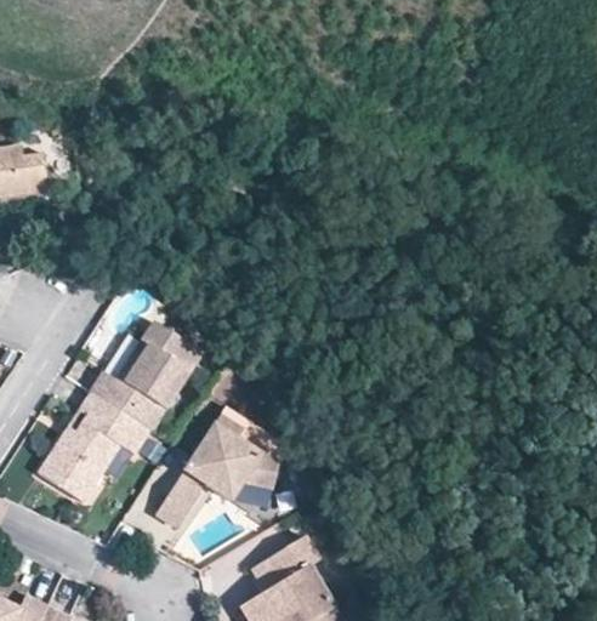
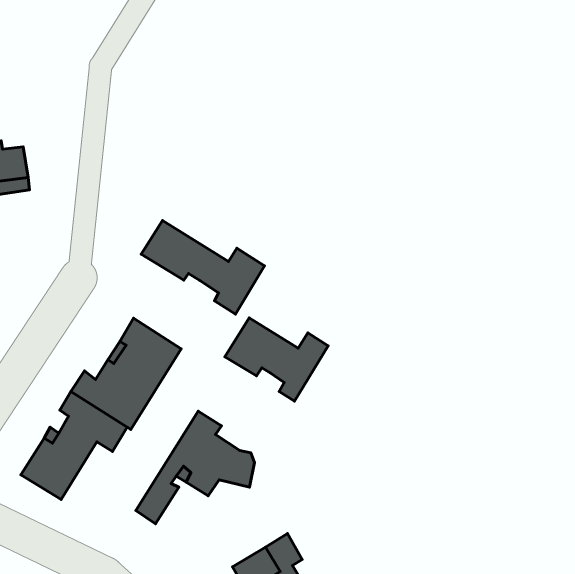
building: none -> [141,220,264,314]
building: none -> [225,318,328,401]

